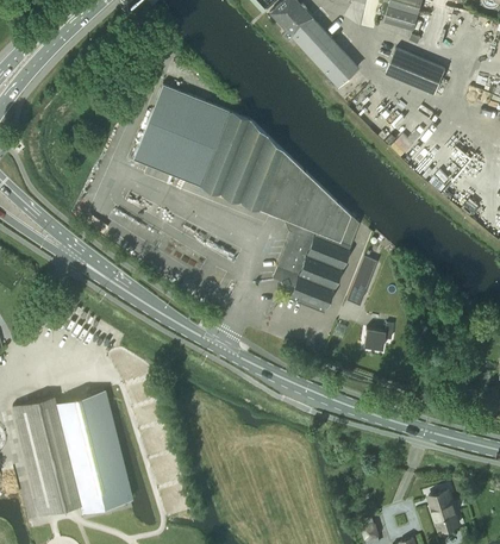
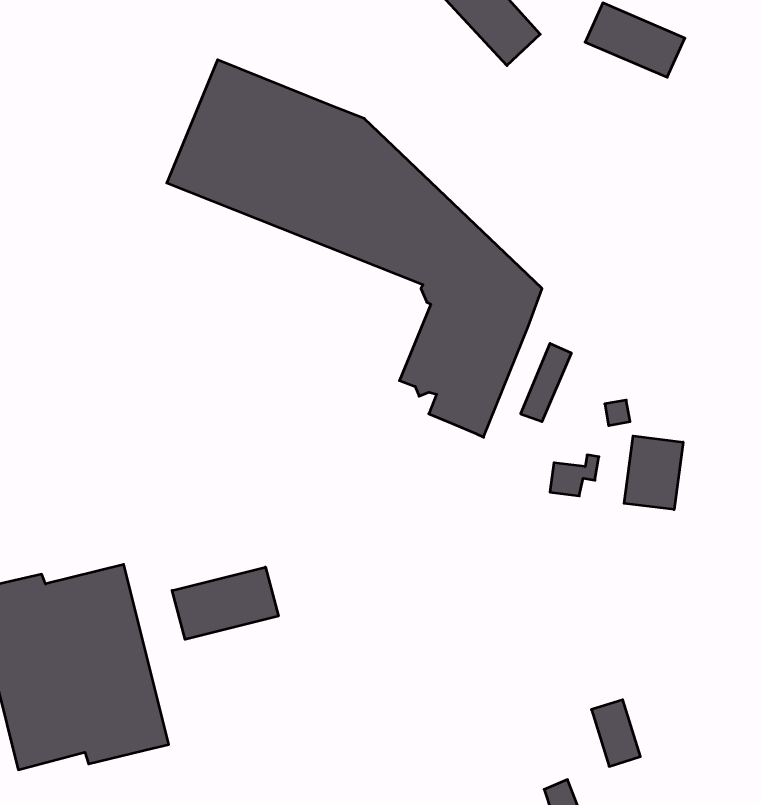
building: none -> [624,436,683,510]
building: none -> [172,567,278,639]
building: [430,492,460,532] -> [591,700,640,766]

